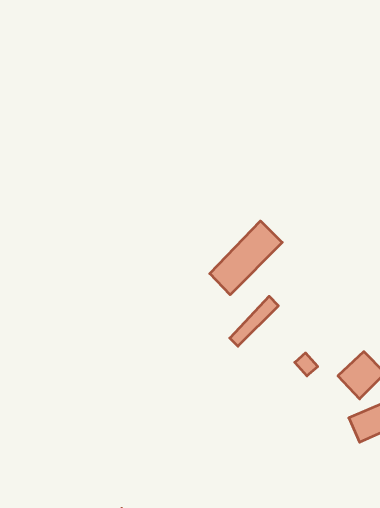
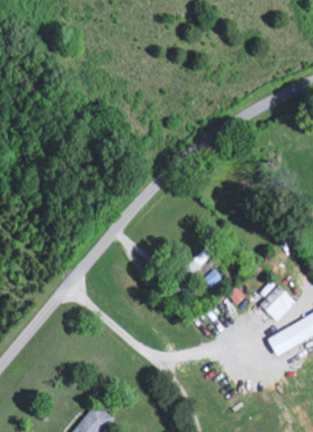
building: [210,221,282,295] -> none

